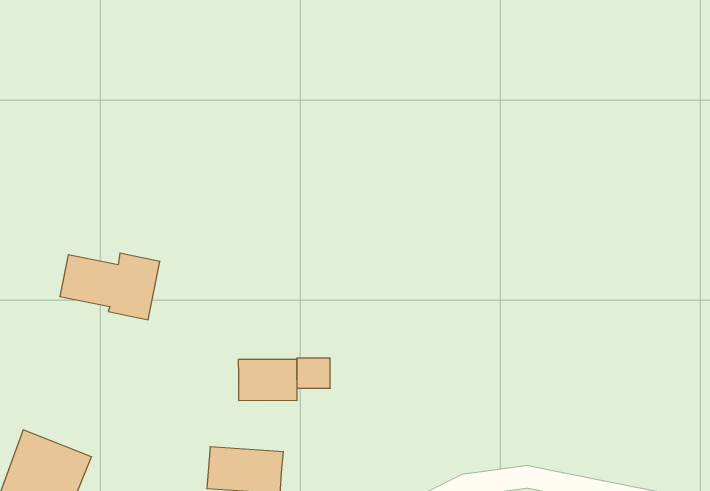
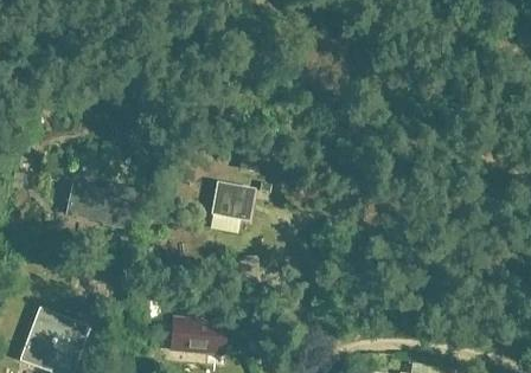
building: none -> [211,185,252,221]
building: [238,359,297,401] -> none

